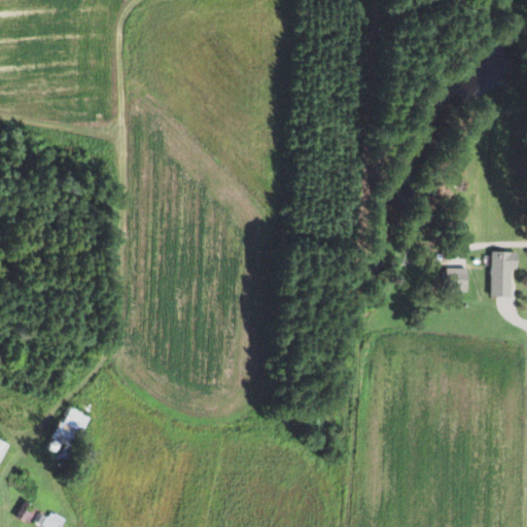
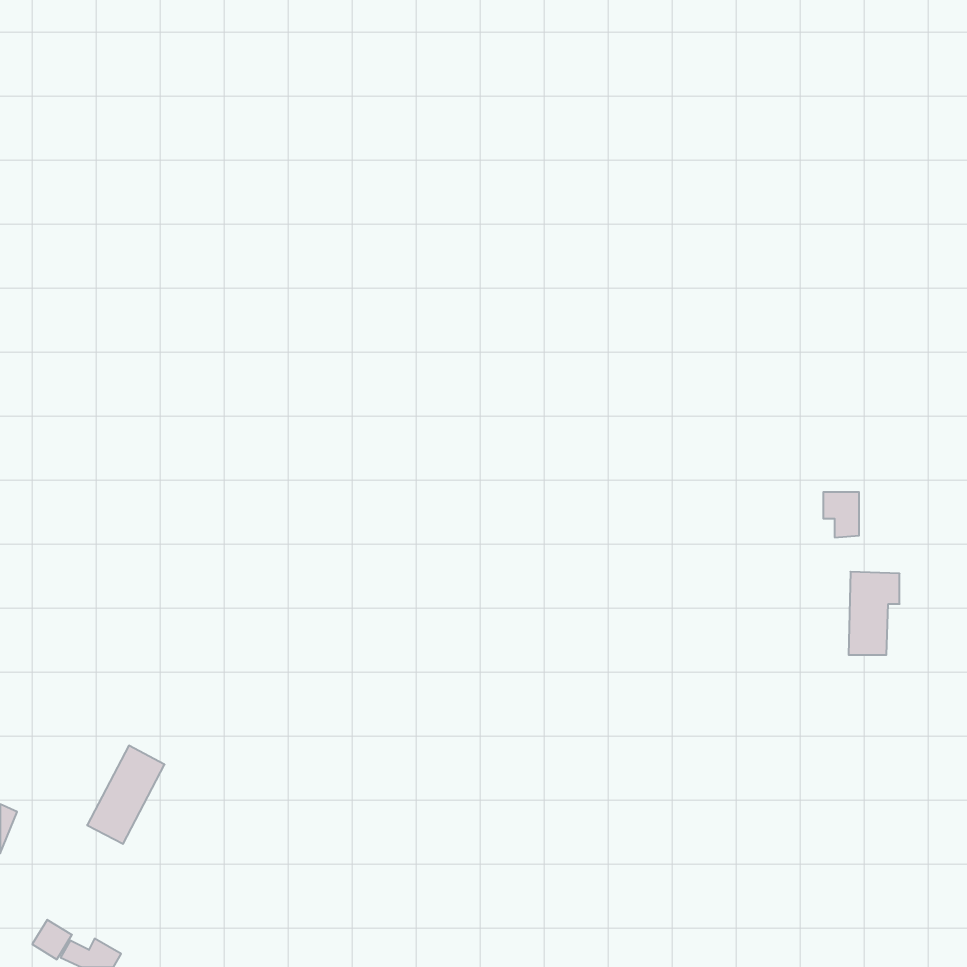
building: [490,251,518,296] -> [849,572,900,655]

